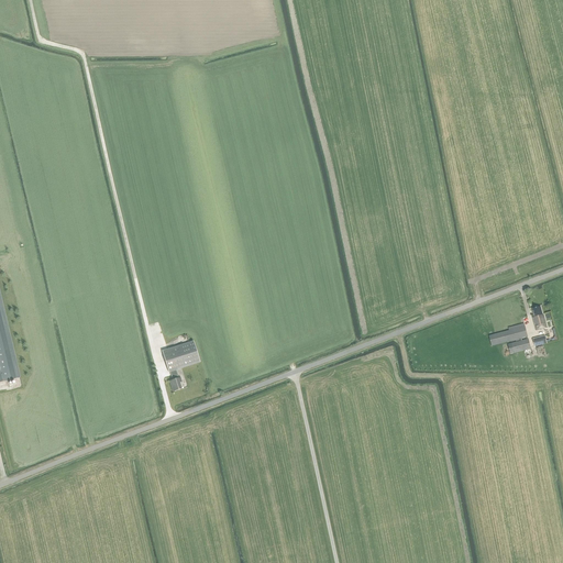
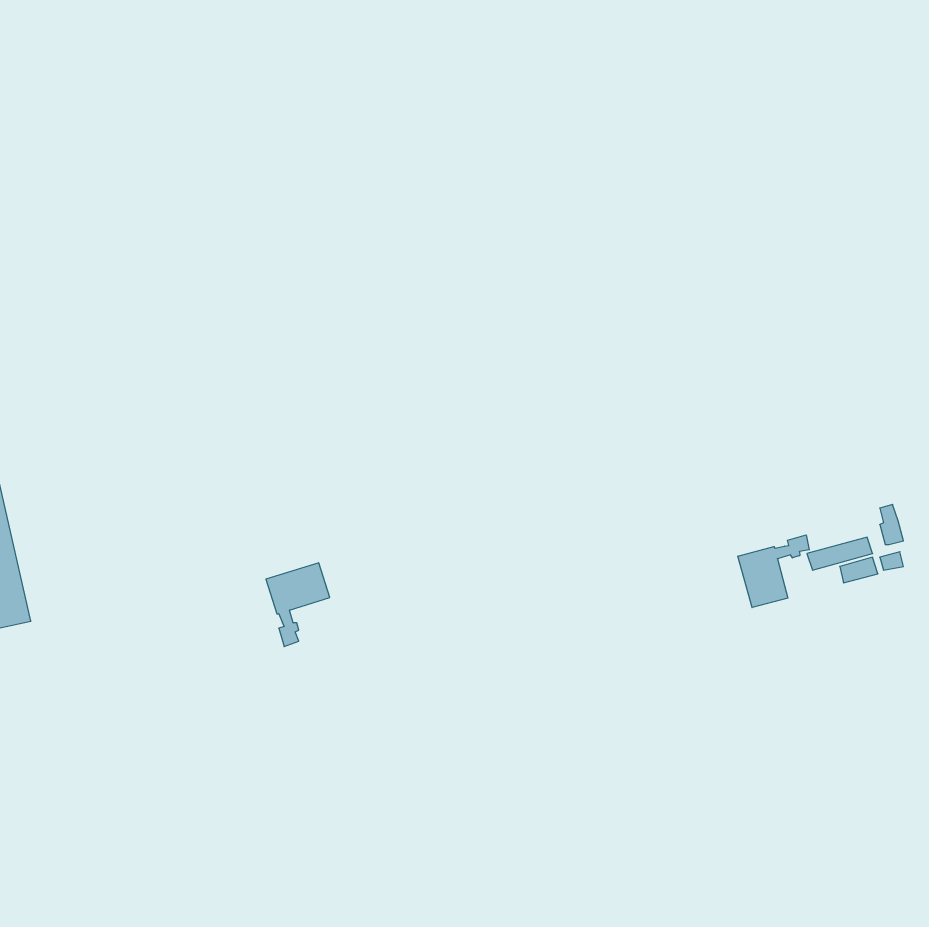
building: none -> [738,535,809,608]

